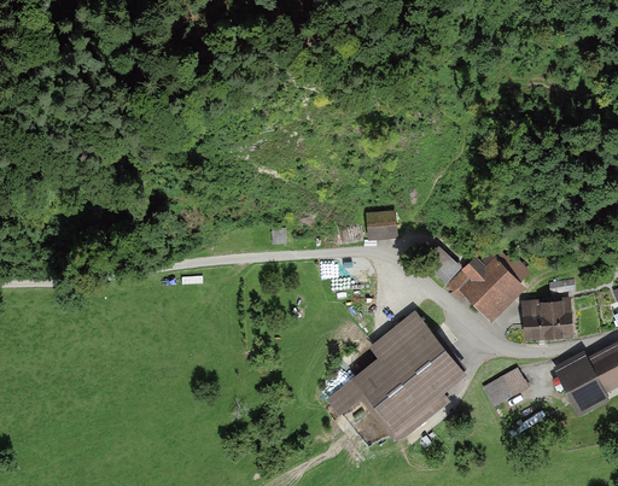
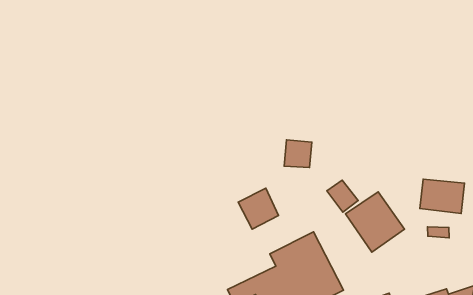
building: none -> [238,188,279,229]
building: [521,298,573,336] -> [420,179,464,213]

